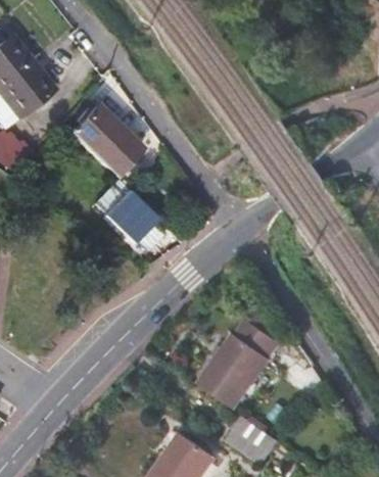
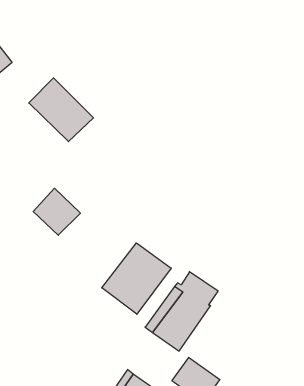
building: [102,189,154,241] -> [33,188,80,235]
building: none -> [102,243,171,314]

